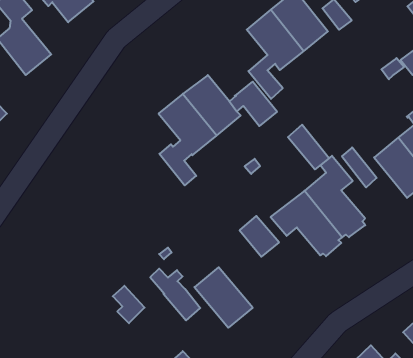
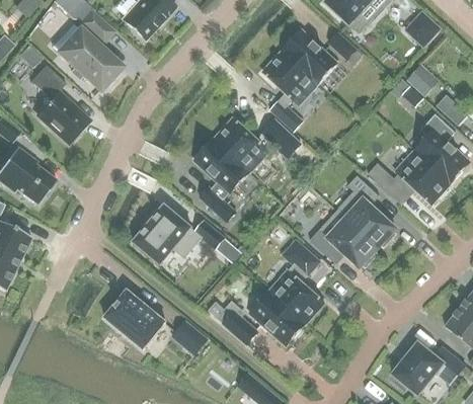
building: [288,125,329,169] -> none
building: none -> [133,205,225,264]
building: none -> [104,290,165,349]
building: none -> [268,270,323,324]

